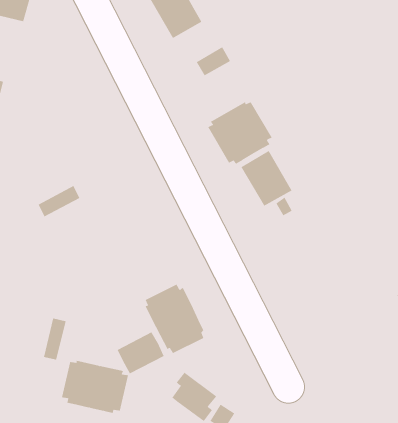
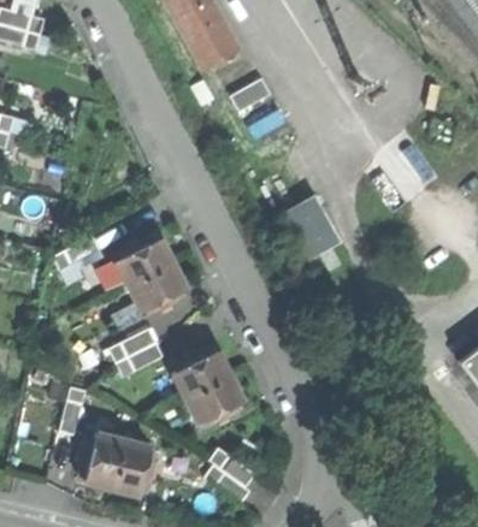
building: [207,101,272,164] -> none
building: none -> [116,235,184,314]
building: [117,332,164,374] -> [108,328,163,377]

